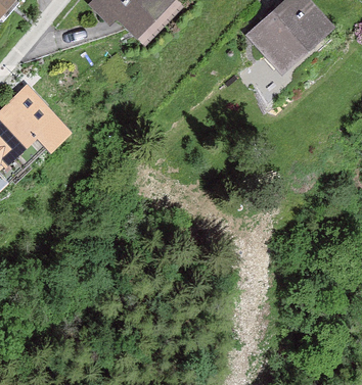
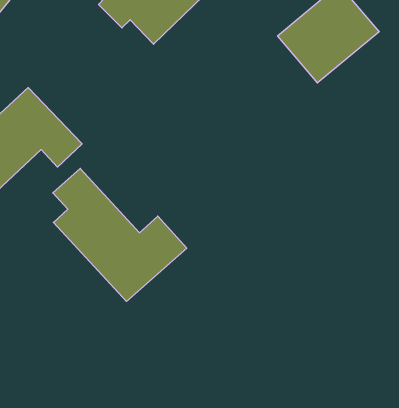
building: none -> [53,168,187,301]

